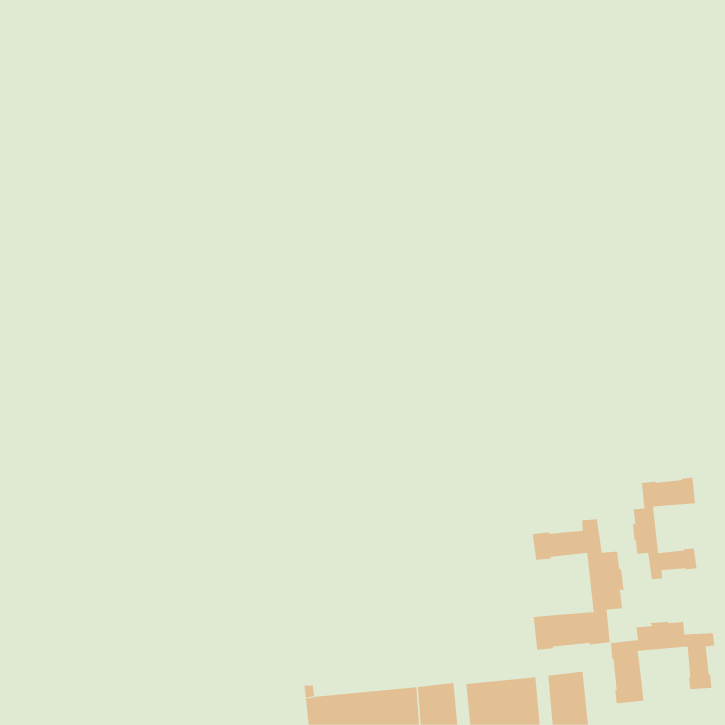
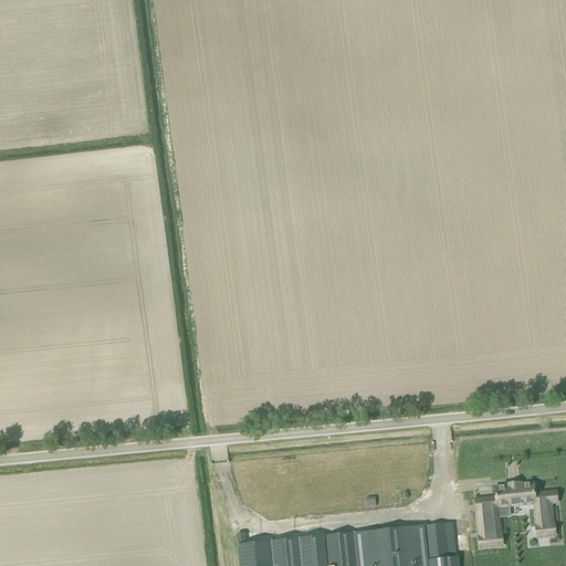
building: [632,477,697,580] -> none
building: [532,519,624,651] -> none

